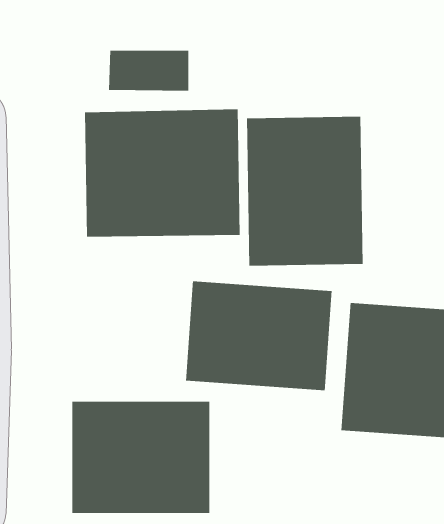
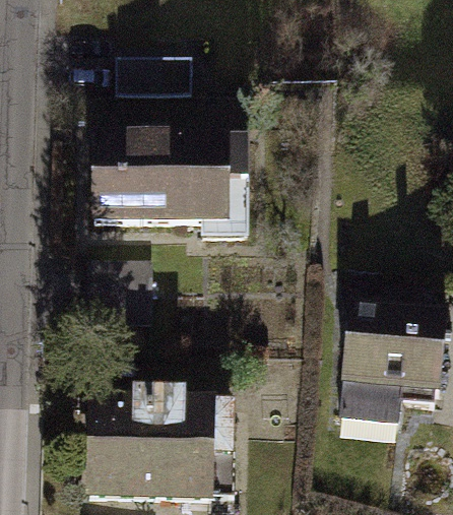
building: [246,116,363,267] -> none
building: [186,281,332,391] -> none

